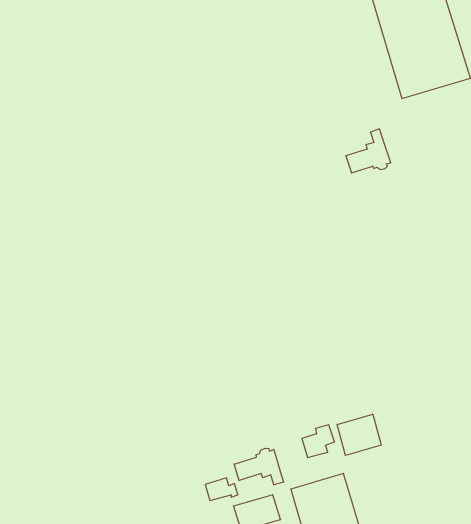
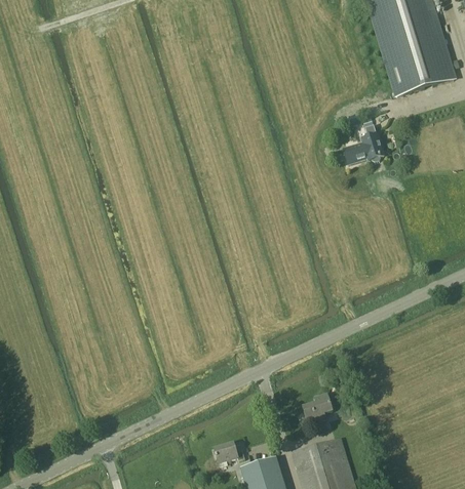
building: [337,414,381,455] -> none
building: [234,448,284,485] -> none

